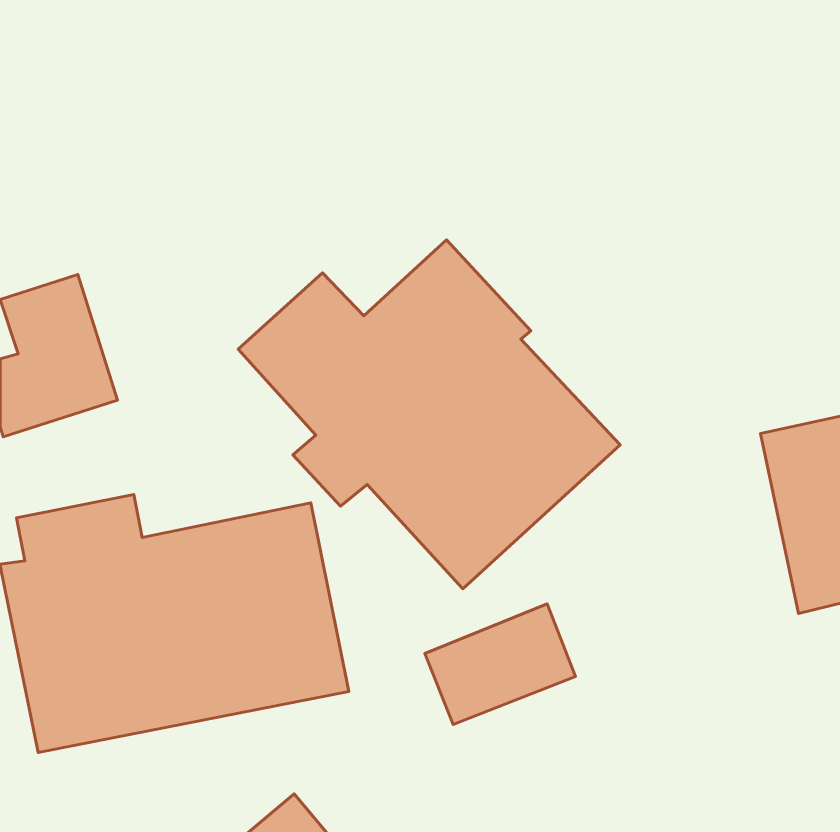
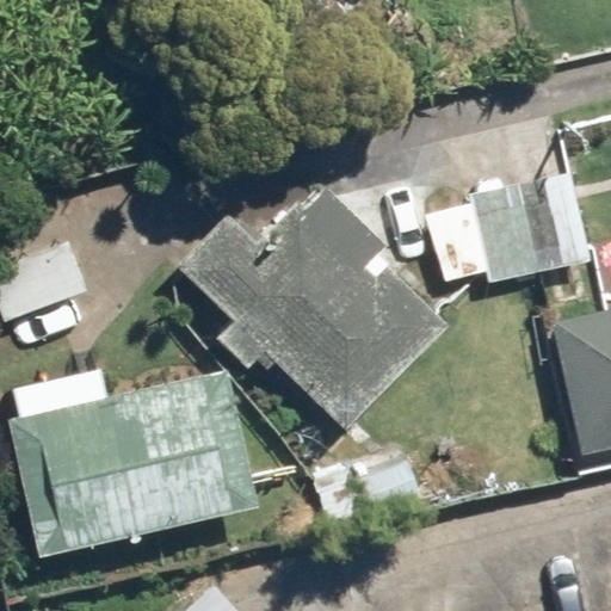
building: none -> [430,173,593,290]

